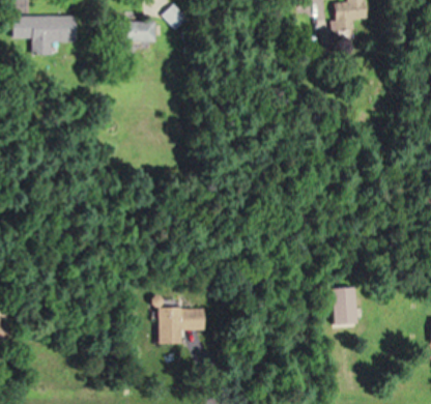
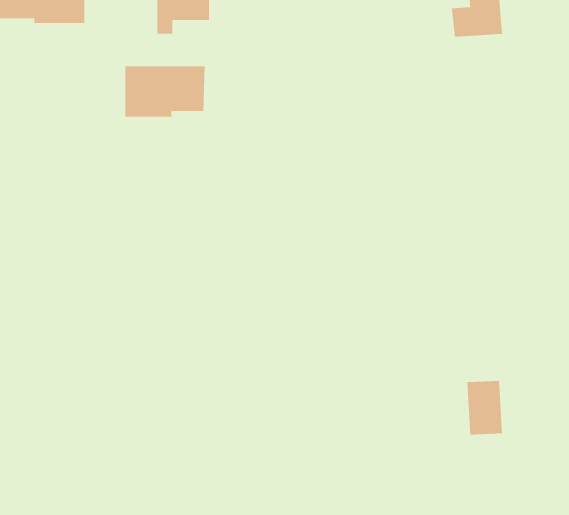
building: none -> [125,65,205,117]
building: [157,308,206,345] -> none

